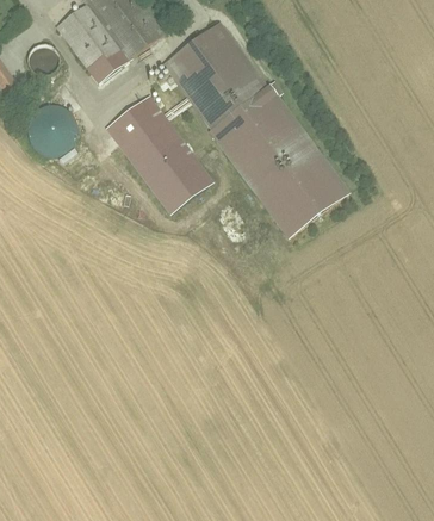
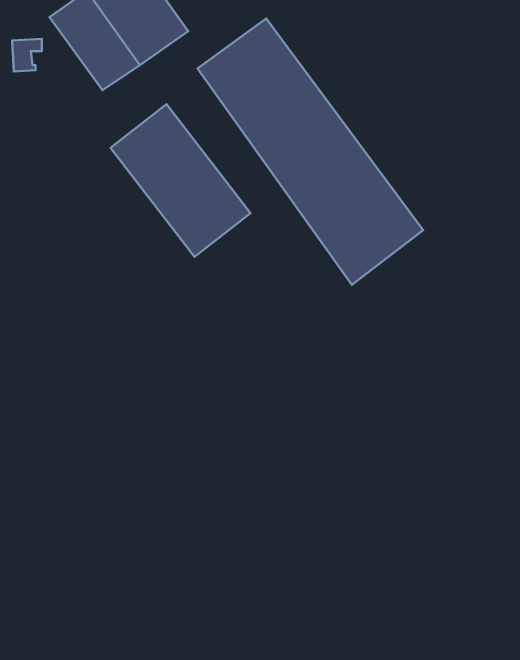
building: [26,104,79,156] -> none

